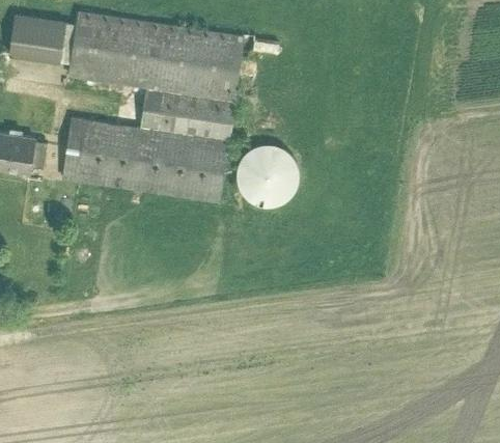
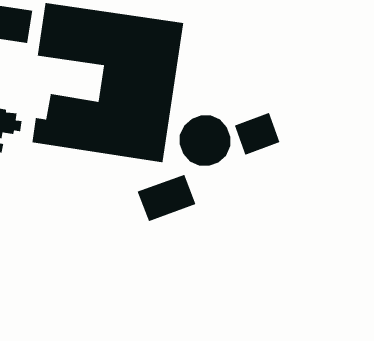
building: none -> [234,112,281,156]
building: none -> [137,174,196,222]

